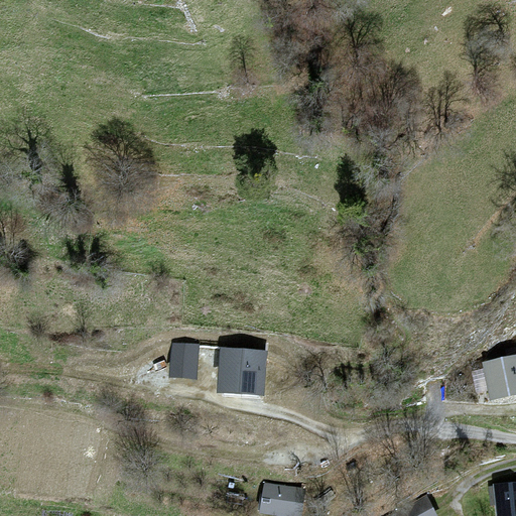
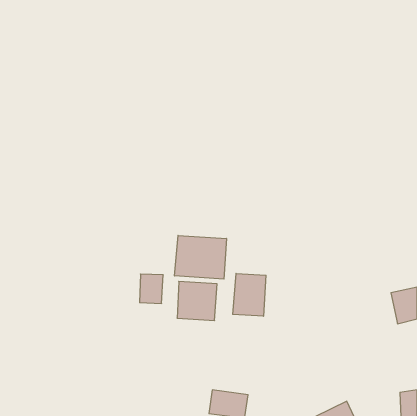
building: none -> [175,235,226,279]
building: none -> [233,273,266,316]

